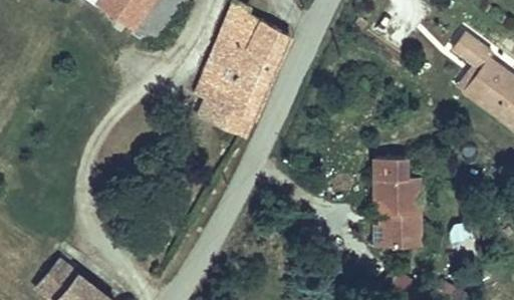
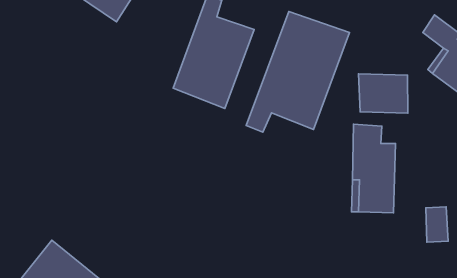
building: none -> [246,11,350,132]
building: none -> [359,74,408,113]

